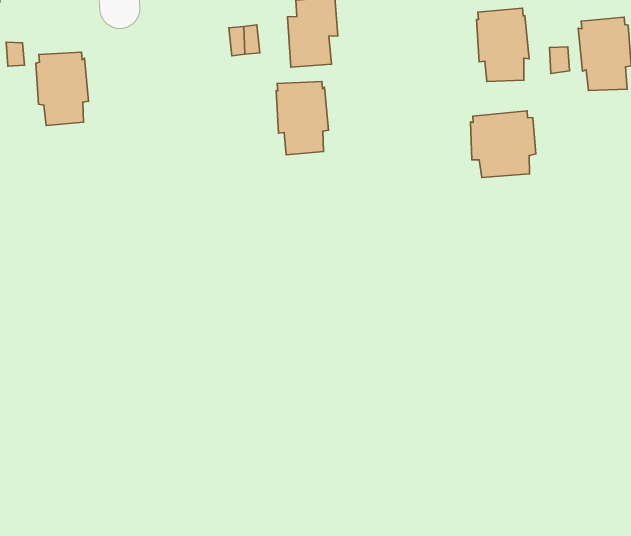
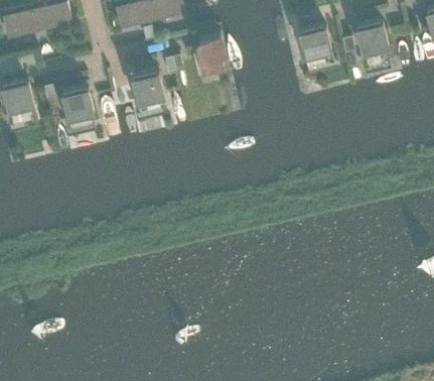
building: [276,81,329,155] -> [132,72,164,115]
building: [470,111,536,177] -> none

